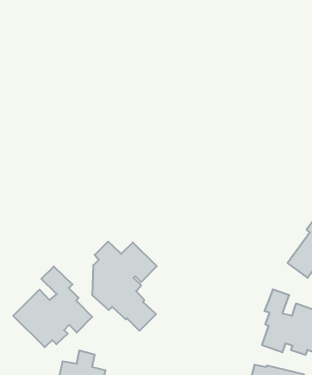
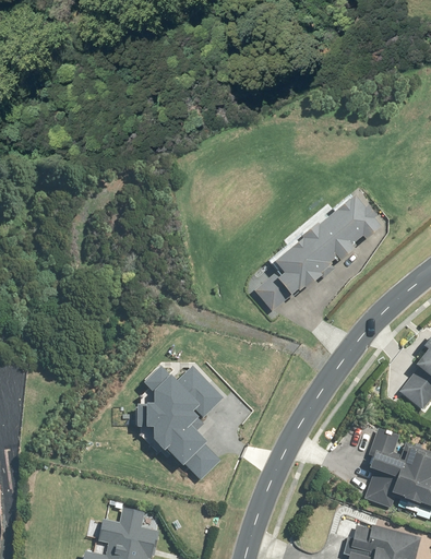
building: none -> [254,193,383,311]
building: [13,266,92,347] -> none

